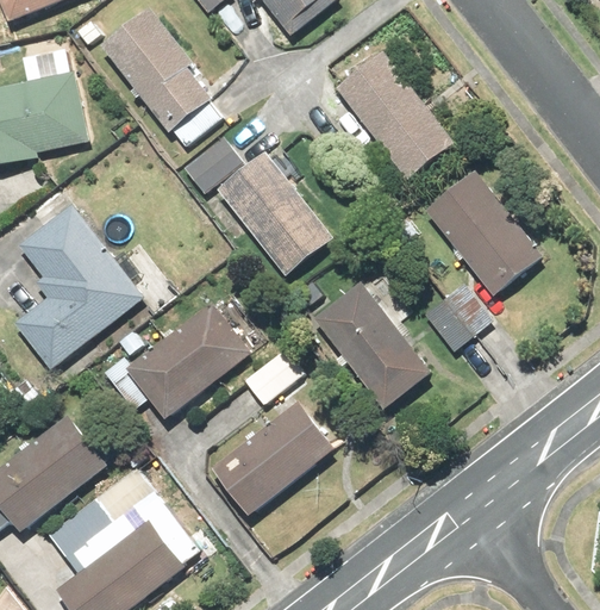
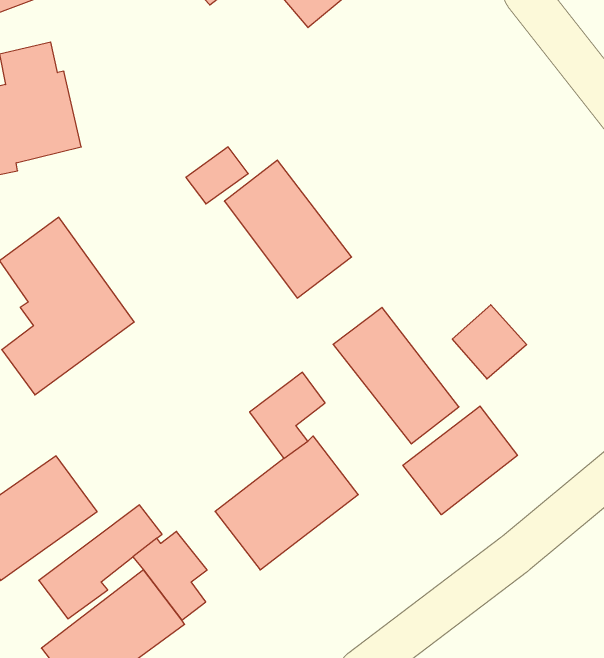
building: [102,15,217,145] -> none
building: [335,55,446,175] -> none
building: [425,170,542,295] -> none
building: [98,299,268,419] -> none
building: none -> [403,406,517,515]

